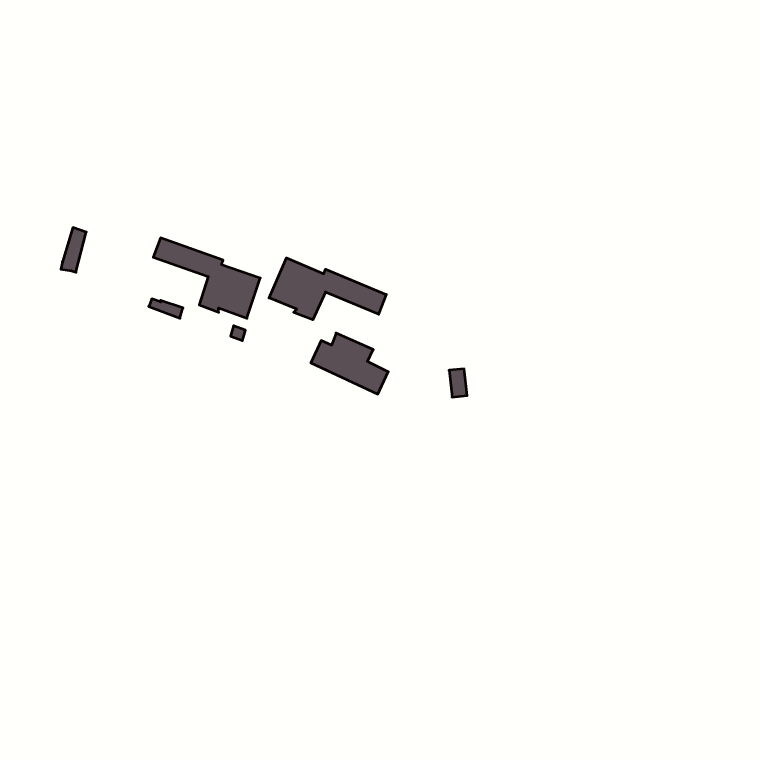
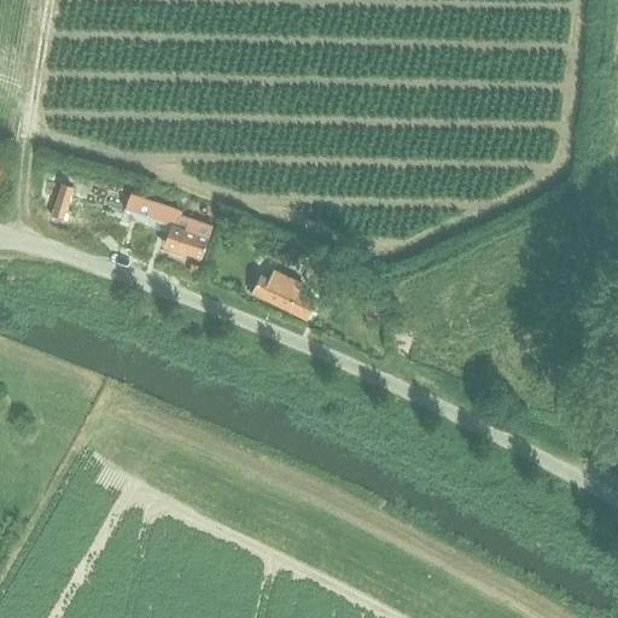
building: [269,258,386,320] -> none

